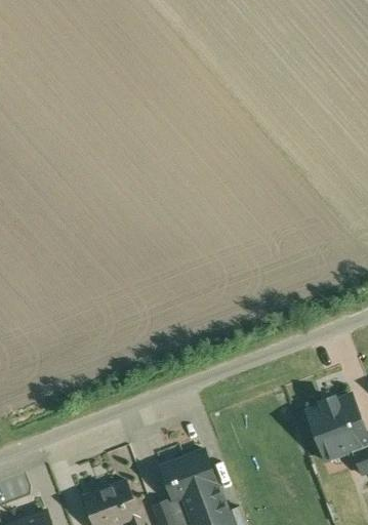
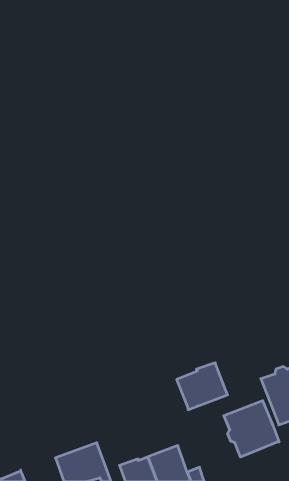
building: none -> [224,401,279,457]
building: [160,450,215,501] -> [177,363,228,410]

